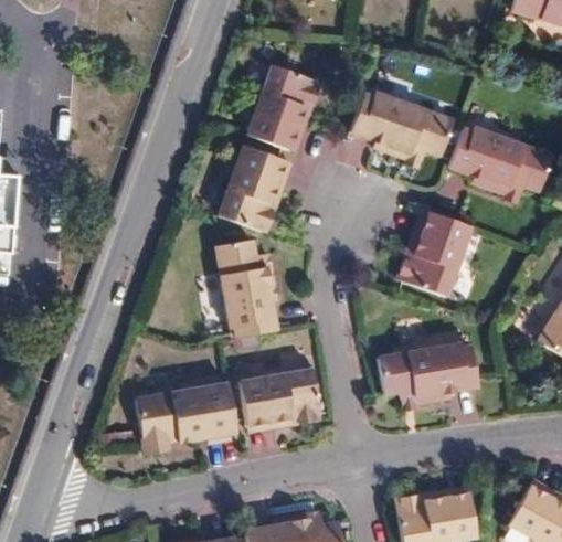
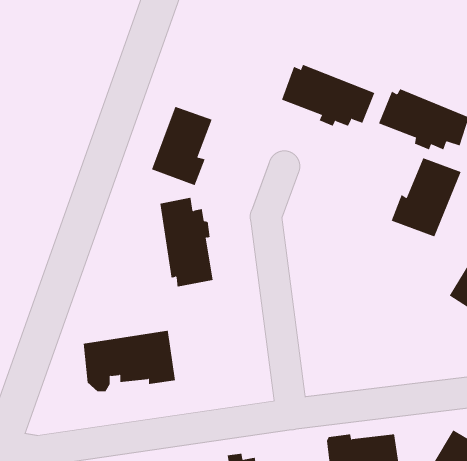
building: [241,60,314,146] -> none
building: [397,211,474,297] -> [391,157,462,237]
building: [379,338,479,396] -> none
building: [241,371,319,425] -> none

